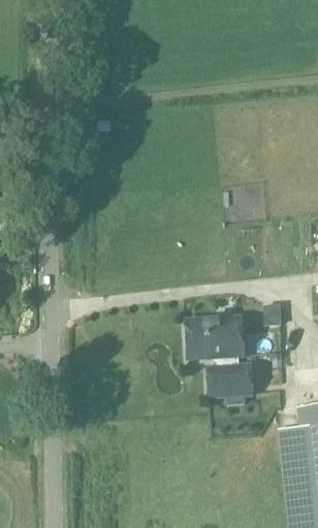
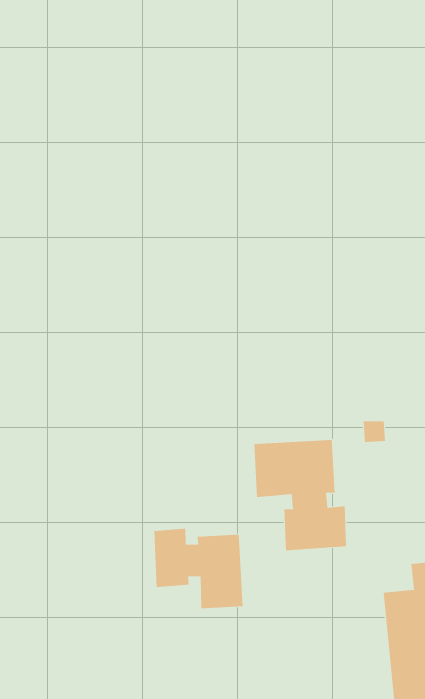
building: none -> [154,528,243,609]

